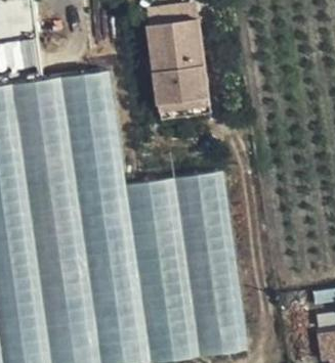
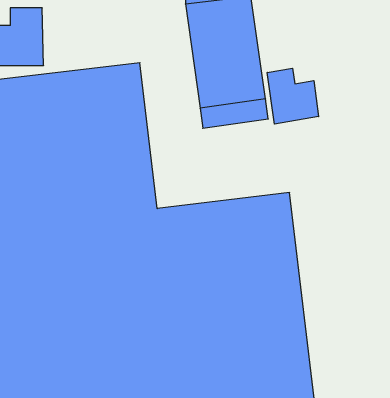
building: none -> [267,68,319,124]

